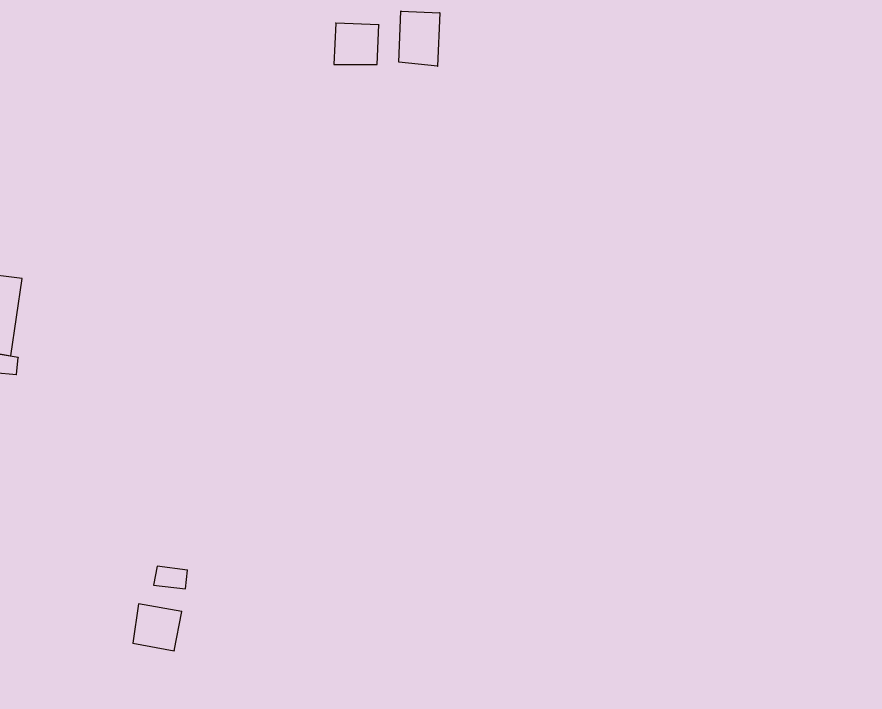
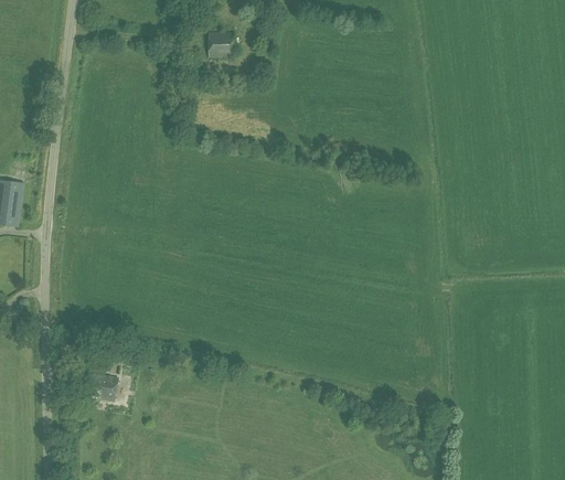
building: [399,11,440,66] -> none

